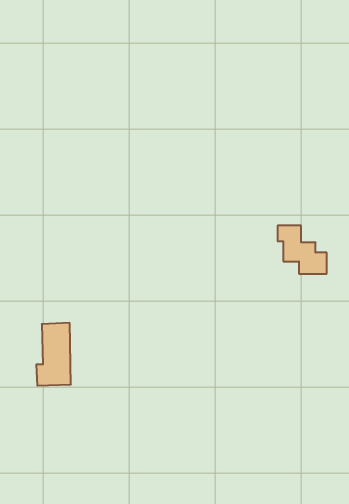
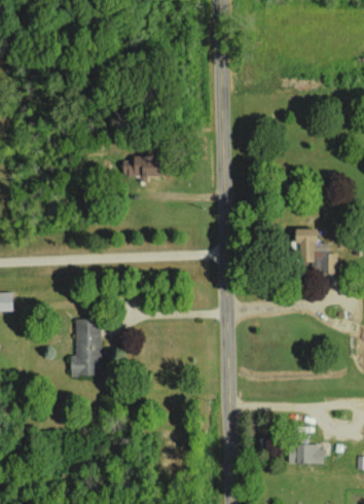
building: none -> [121,159,162,178]
building: none -> [287,444,324,463]

